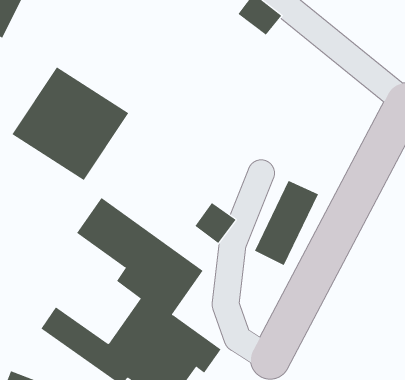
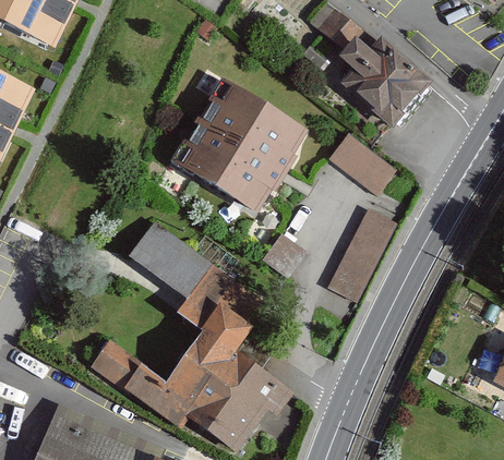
building: none -> [333,40,423,129]
building: [12,66,129,181] -> [185,81,314,206]
building: none -> [327,133,394,193]

